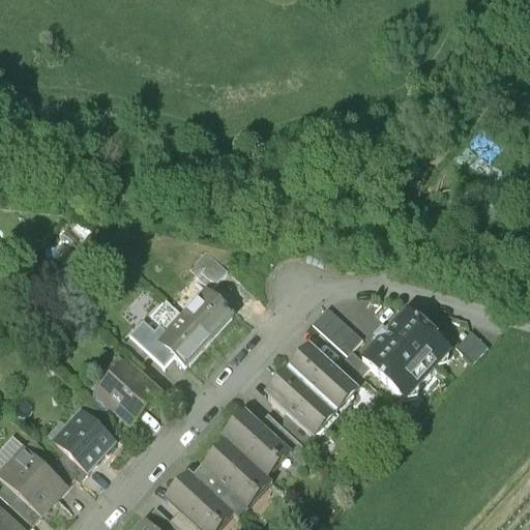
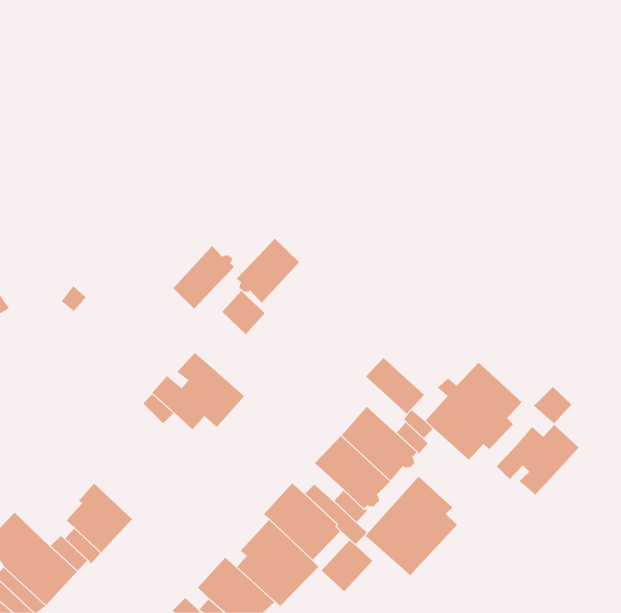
building: none -> [236,238,300,303]
building: none -> [172,245,235,310]
building: [181,287,232,336] -> none
building: [95,360,158,422] -> none
building: none -> [496,424,579,495]
building: none -> [365,476,458,576]
building: none -> [321,540,373,592]

